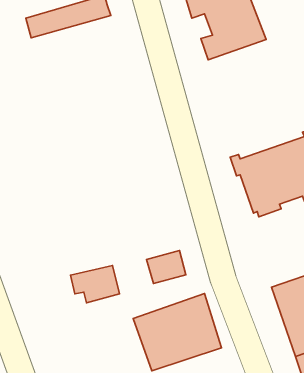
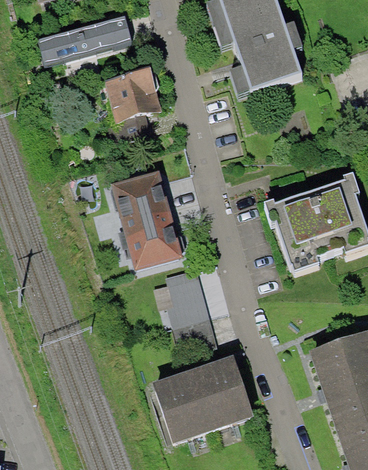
building: none -> [103,69,156,120]
building: none -> [110,169,182,269]
building: [70,265,120,303] -> [151,276,206,318]

